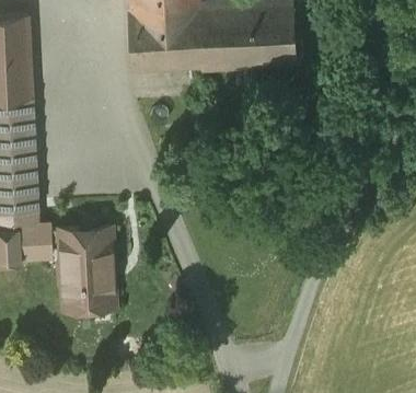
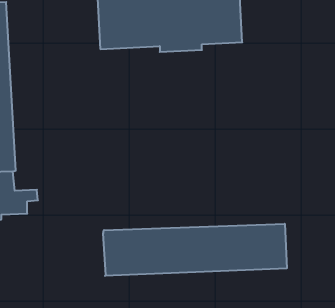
building: [59,226,114,312] -> none
building: none -> [103,224,287,276]

